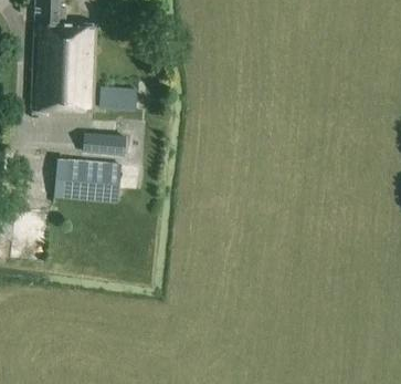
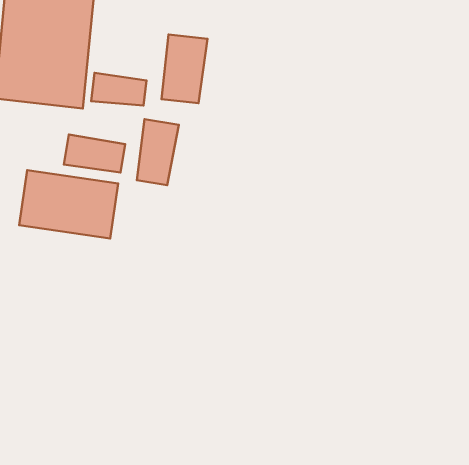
building: none -> [162,34,207,103]
building: none -> [137,119,179,185]

